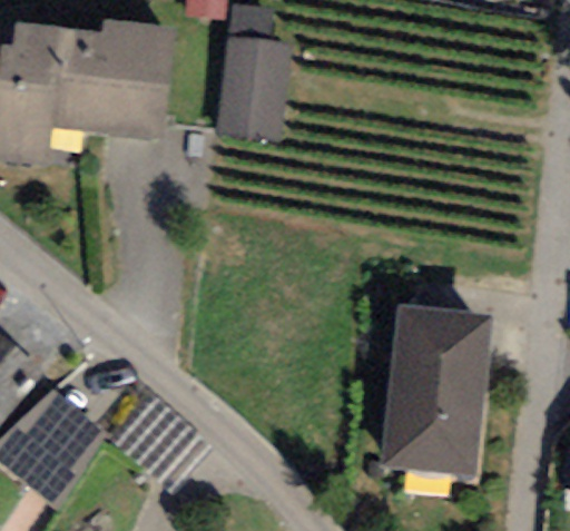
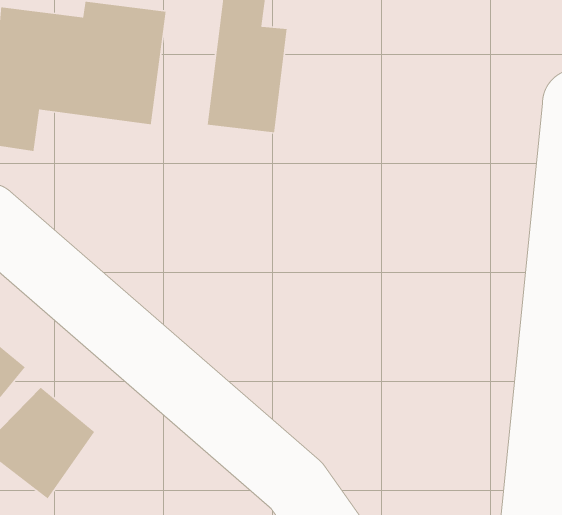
building: [380,311,491,478] -> none

